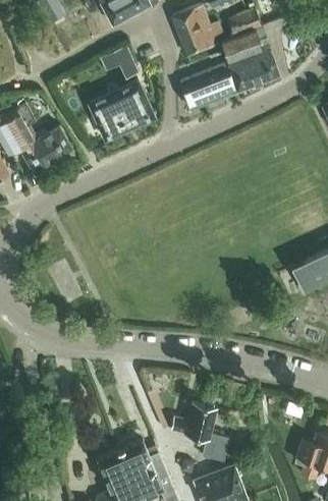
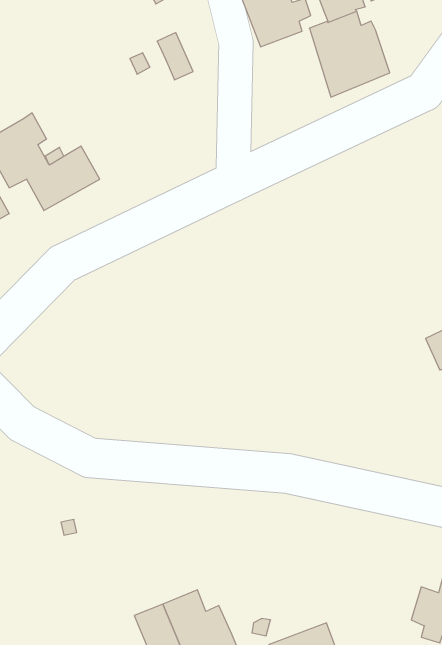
building: [180,63,235,109] -> none
building: [89,81,154,140] -> none
building: [170,402,228,462] -> none

